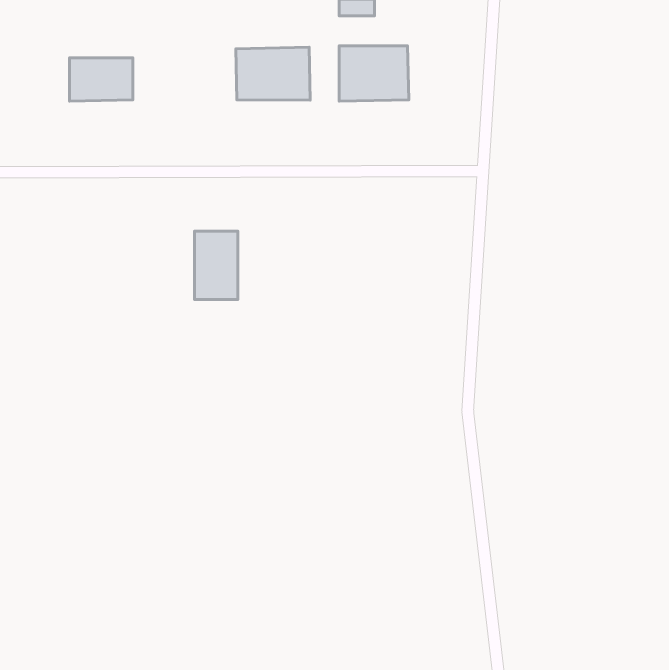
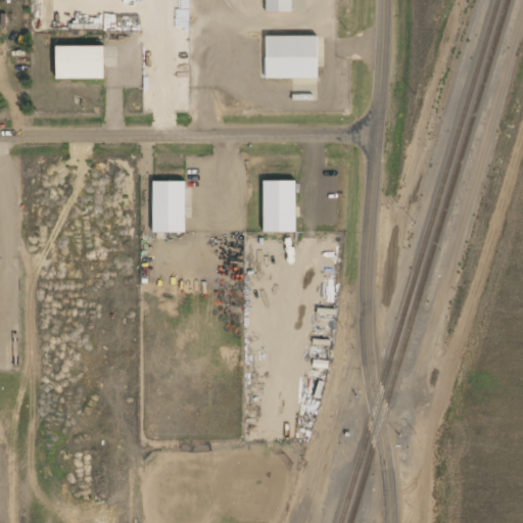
building: [236,47,310,100] -> none
building: none -> [262,180,295,232]

